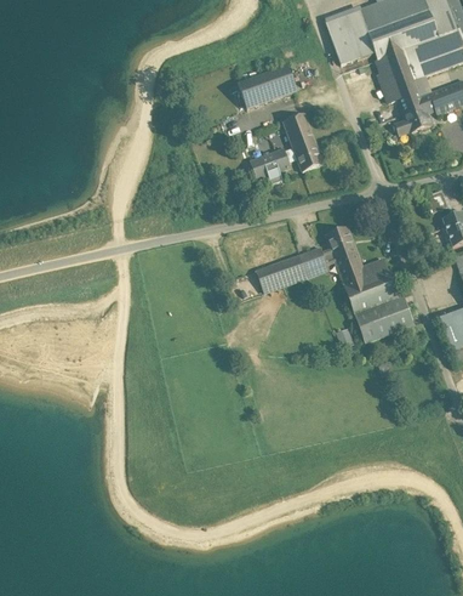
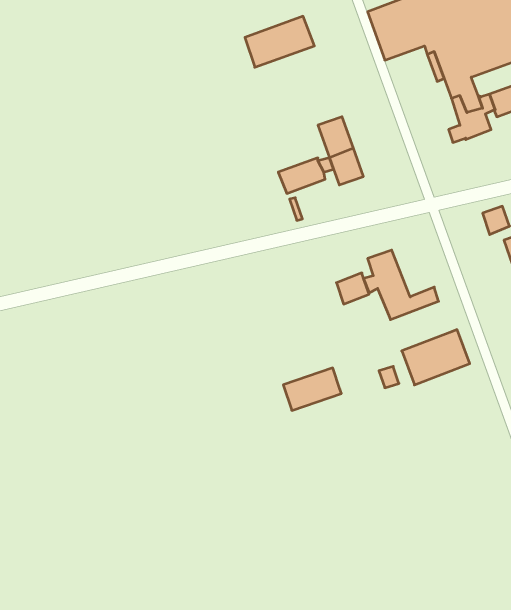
building: [236,64,296,108] -> [245,16,314,67]
building: [256,255,305,291] -> [283,368,341,410]
building: [344,271,395,313] -> none

